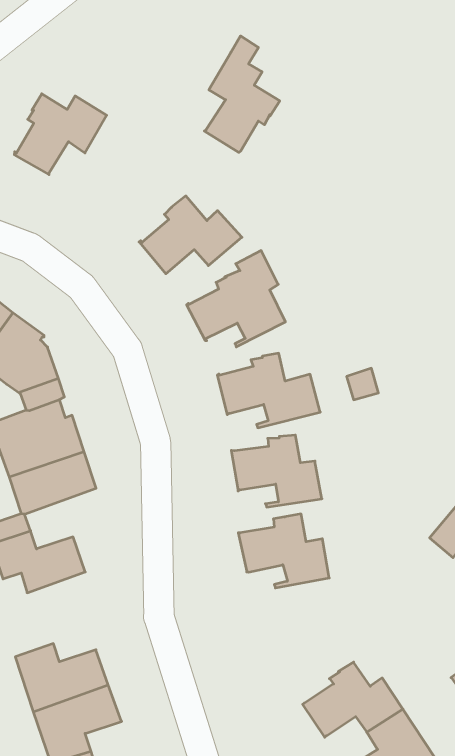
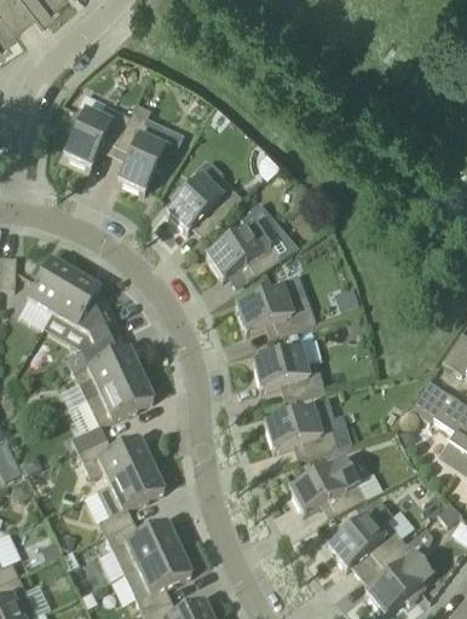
building: [204,36,280,152] -> [117,103,172,191]
building: none -> [98,463,165,533]
building: none -> [289,457,365,517]

